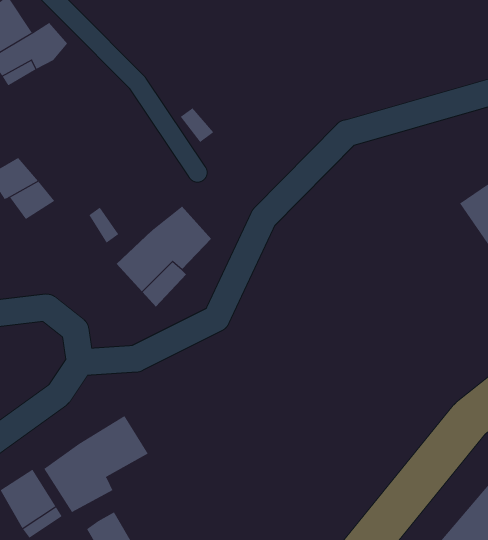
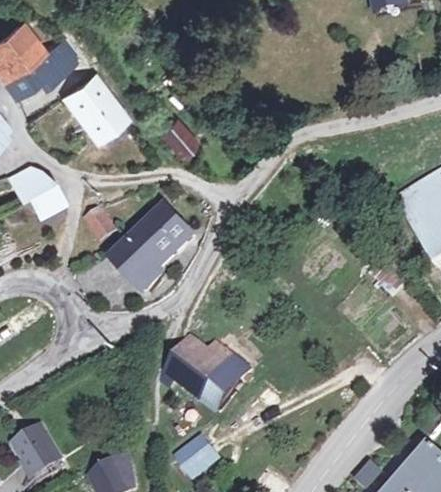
building: none -> [63,74,125,141]
building: none -> [160,332,254,410]
building: [43,415,149,513] -> none
building: none -> [174,435,217,473]

